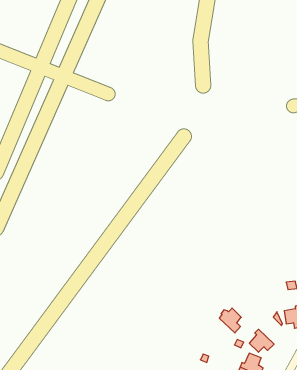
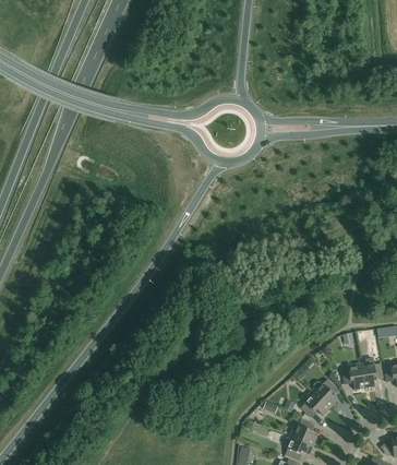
building: [219,308,241,333] -> [311,379,337,408]

